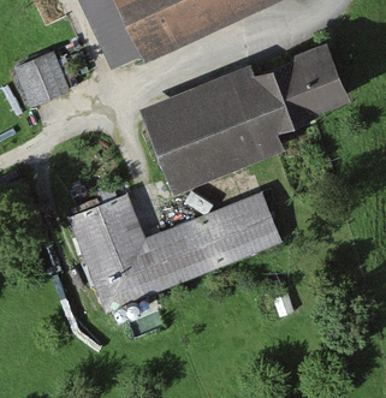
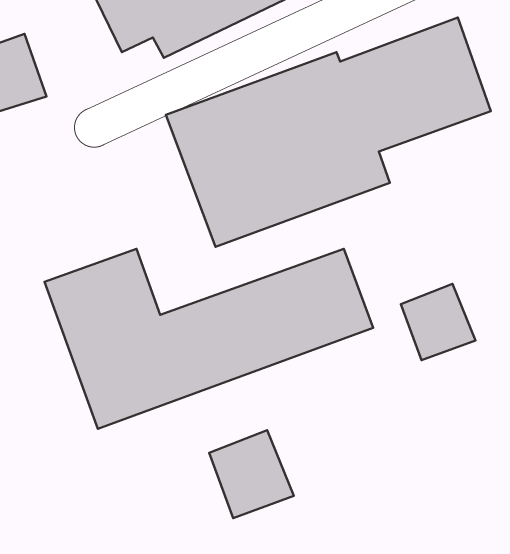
building: none -> [401,284,475,360]
building: none -> [209,430,294,518]

